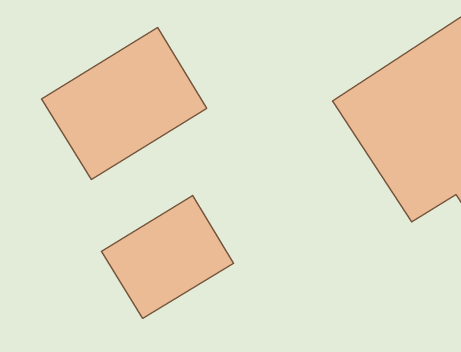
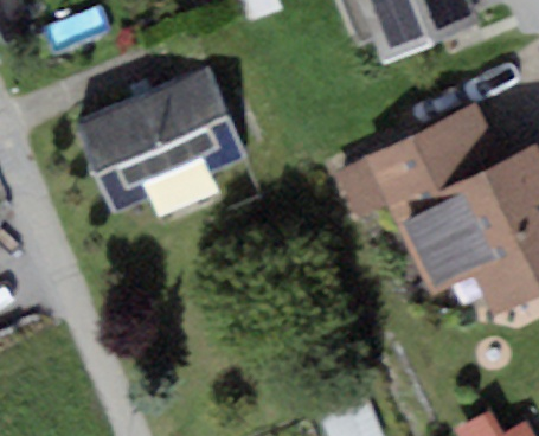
building: [101,195,234,318] -> none

